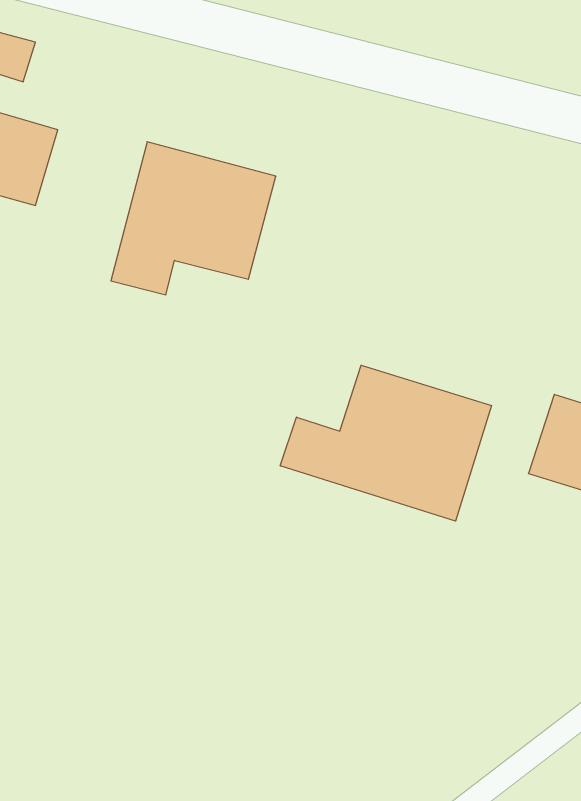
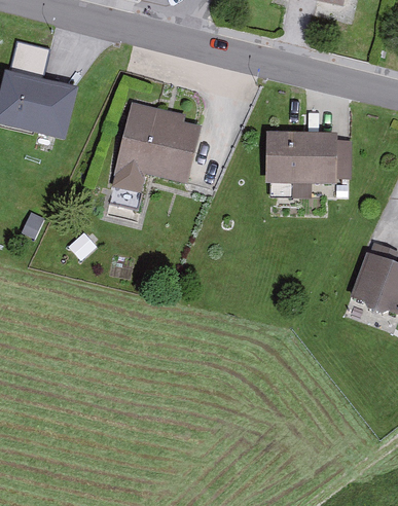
building: none -> [267,131,335,179]
building: [280,365,491,521] -> none

